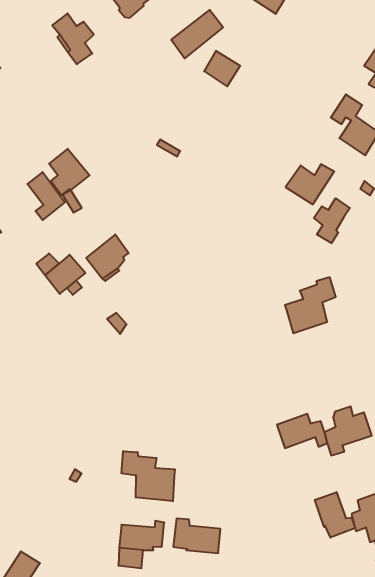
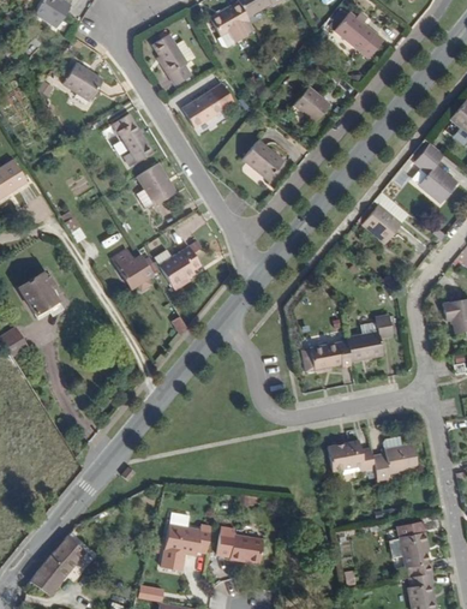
building: [171,10,223,58] -> [186,82,237,125]
building: none -> [245,139,283,178]
building: [27,172,65,220] -> [120,119,154,165]
building: [314,198,350,243] -> none
building: none -> [304,340,353,370]
building: [122,451,175,501] -> none
building: [315,492,355,538] -> none

